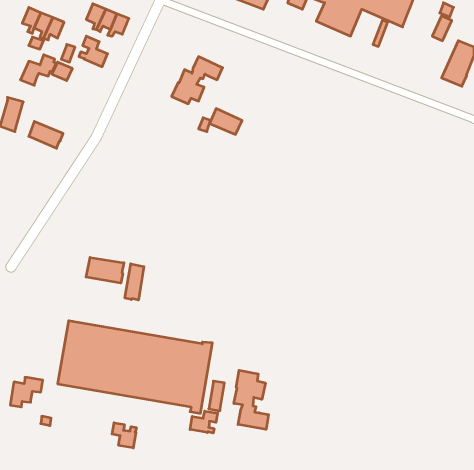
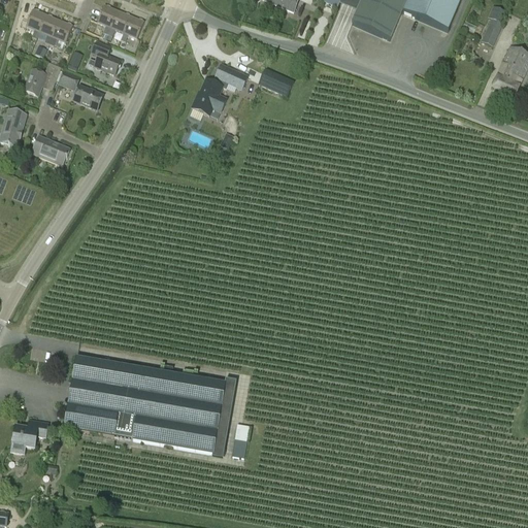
building: none -> [73,86,102,109]
building: [210,109,242,134] -> [258,67,294,96]
building: [86,257,124,283] -> none
building: [125,264,144,300] -> none
building: [234,370,269,429] -> none
building: [190,411,218,433] -> none
building: [112,423,136,448] -> none

